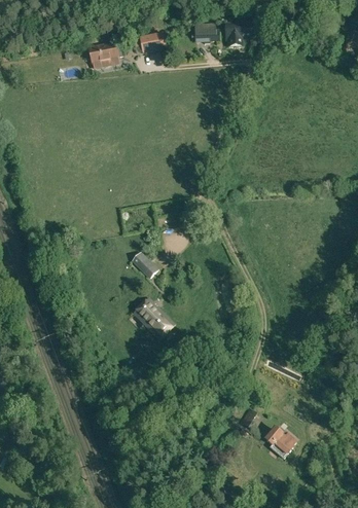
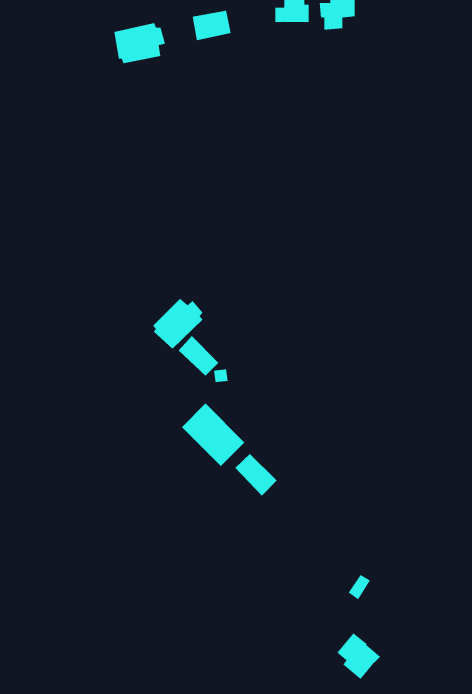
building: none -> [152,298,203,350]
building: none -> [235,453,278,496]
building: [267,425,297,457] -> [336,632,381,680]

